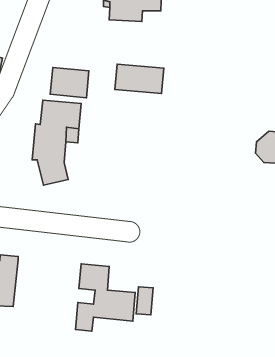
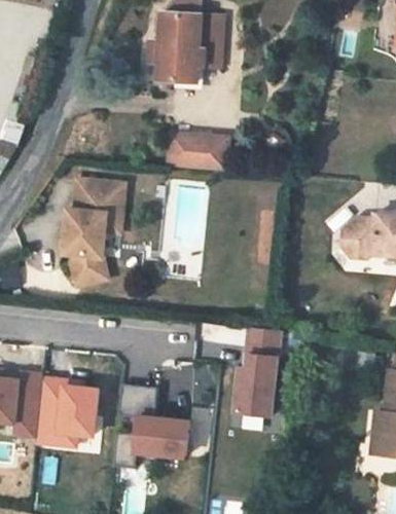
building: [50,67,89,98] -> none
building: none -> [237,328,281,415]
building: none -> [37,378,99,444]

